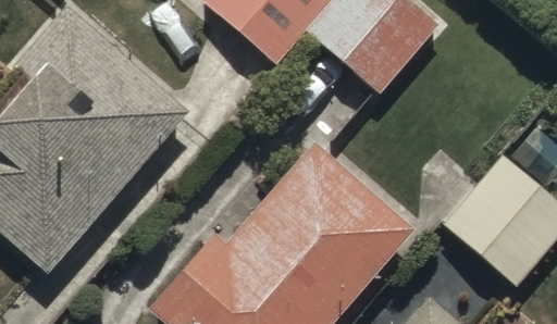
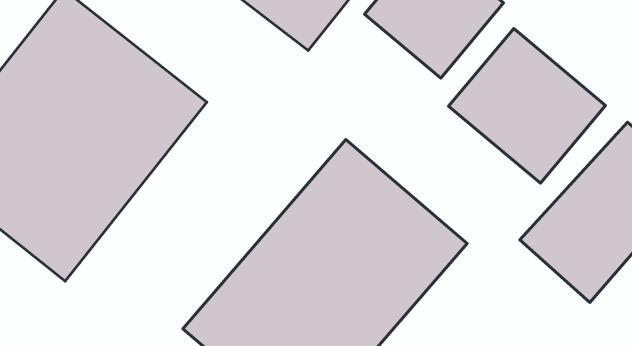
building: none -> [449,28,606,183]

